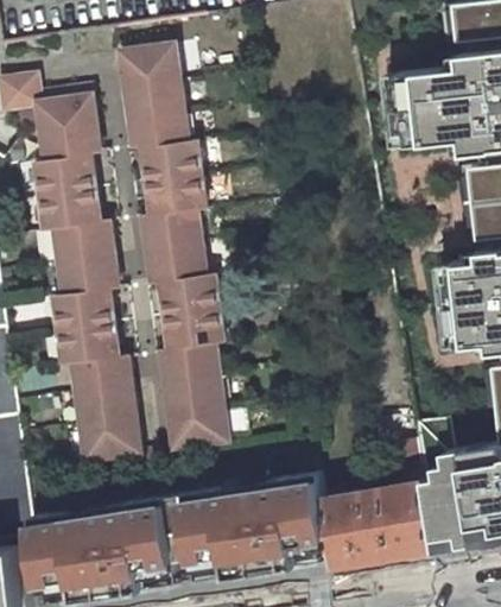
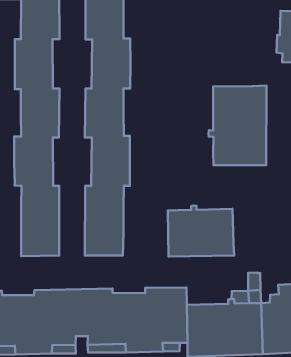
building: none -> [208,86,267,165]
building: none -> [168,206,234,256]

